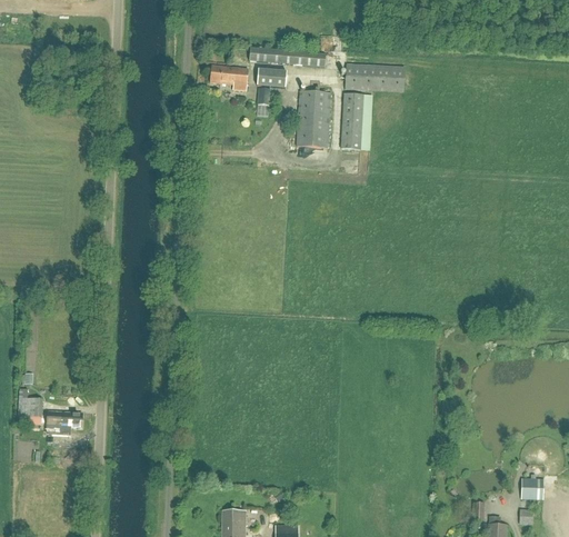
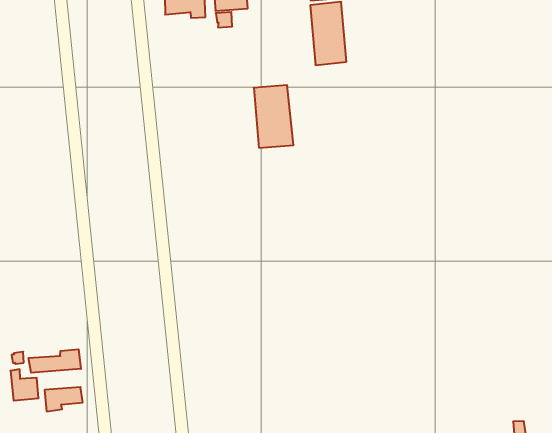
building: [296,90,330,148] -> [254,85,294,148]
building: none -> [29,349,81,373]

